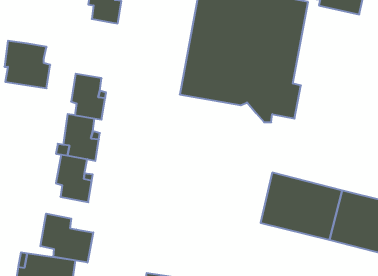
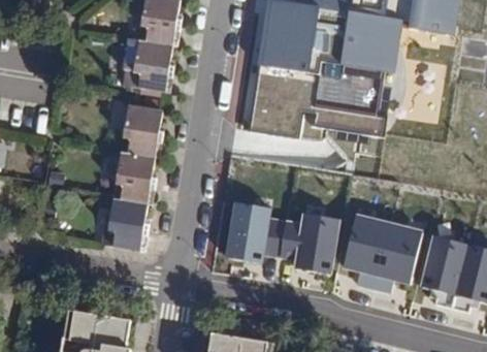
building: [4,41,50,88] -> [121,38,173,93]
building: none -> [223,203,280,273]
building: none -> [293,212,347,279]
building: [40,214,93,263] -> none

